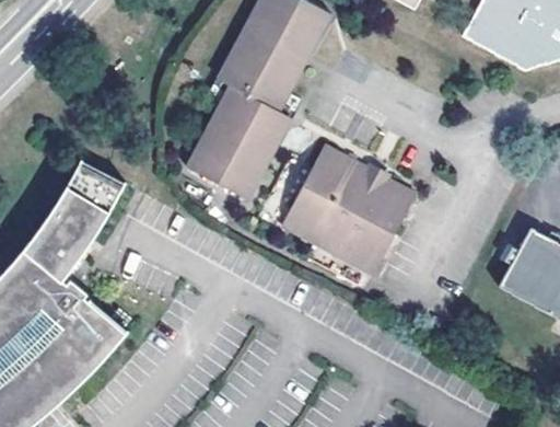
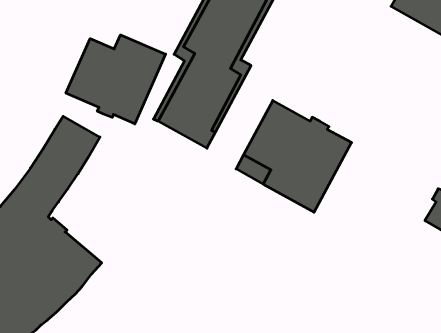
building: none -> [66,35,166,124]

